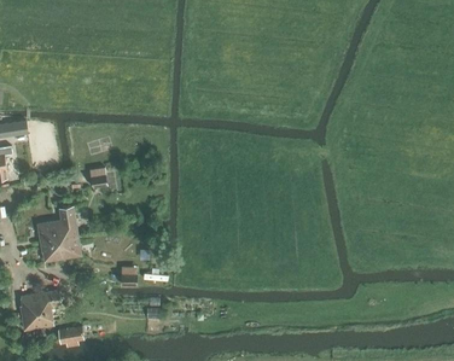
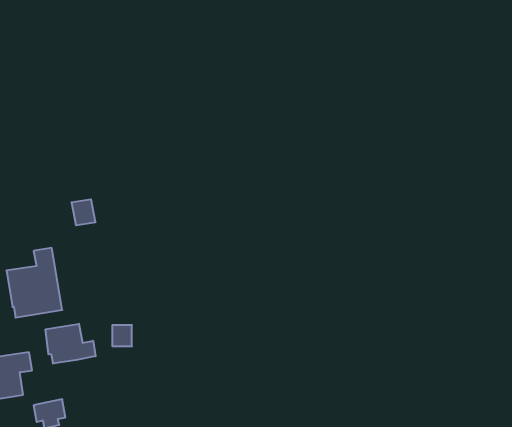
building: none -> [46,324,96,364]

